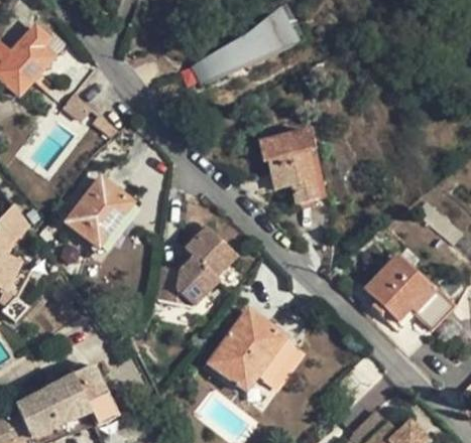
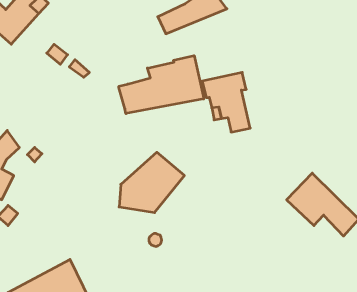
building: none -> [119,56,204,114]
building: [69,181,131,241] -> none
building: [215,313,289,389] -> none

